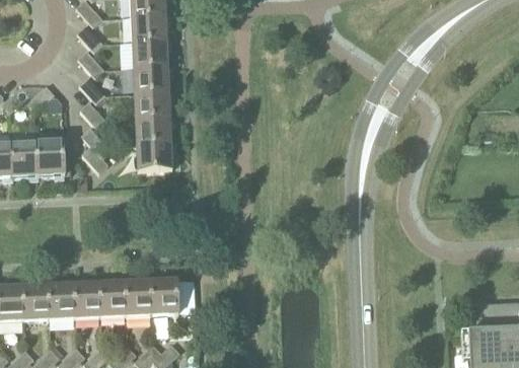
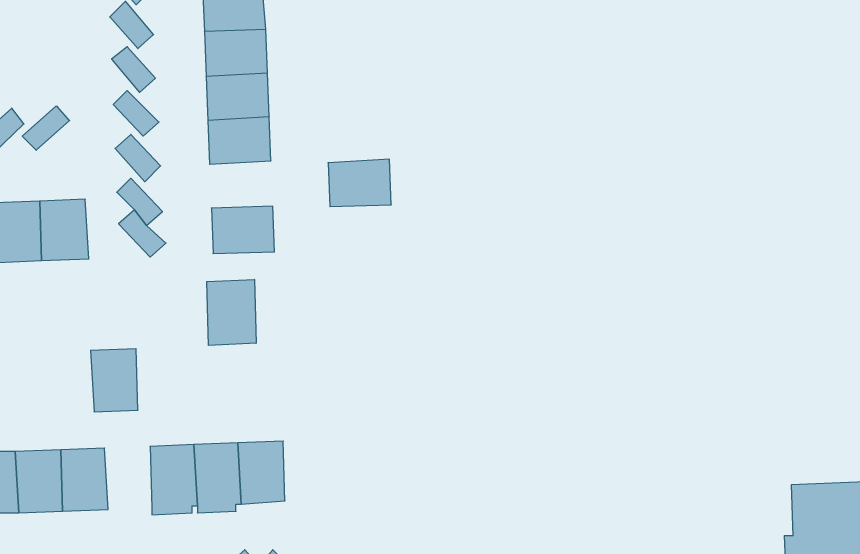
building: [135,117,171,144] -> [328,159,391,207]
building: none -> [207,279,256,345]
building: [74,282,101,318] -> [91,349,138,412]

